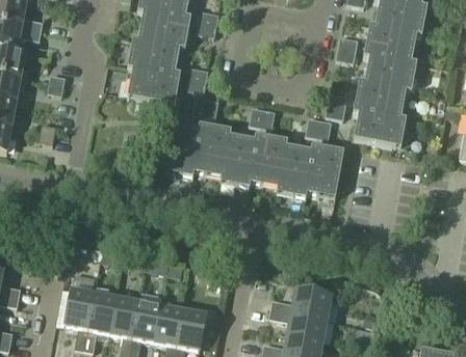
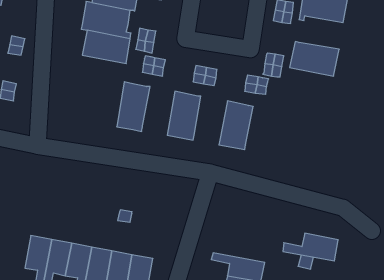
building: [364,51,417,88] -> none
building: [353,107,407,145] -> none
building: [193,121,230,174] -> none
building: [250,132,287,186] -> none
building: [306,142,344,196] -> none
building: [270,289,331,319] -> [283,233,338,261]

